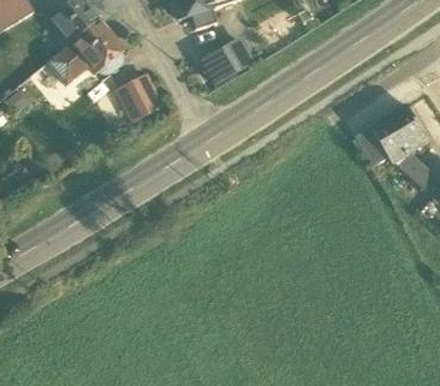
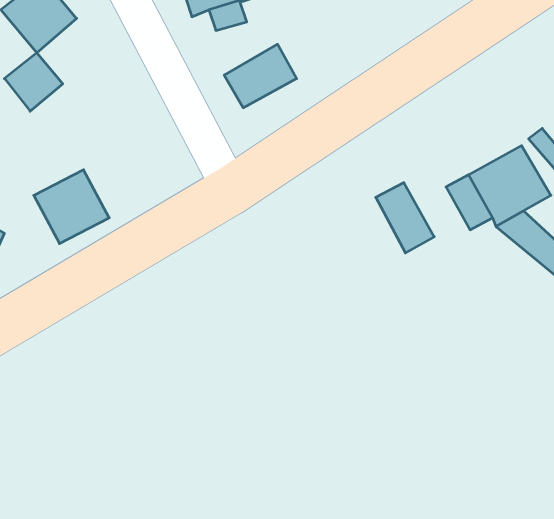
building: [71,19,124,72] -> none
building: [114,71,167,123] -> [34,170,109,244]
building: none -> [376,183,434,253]

